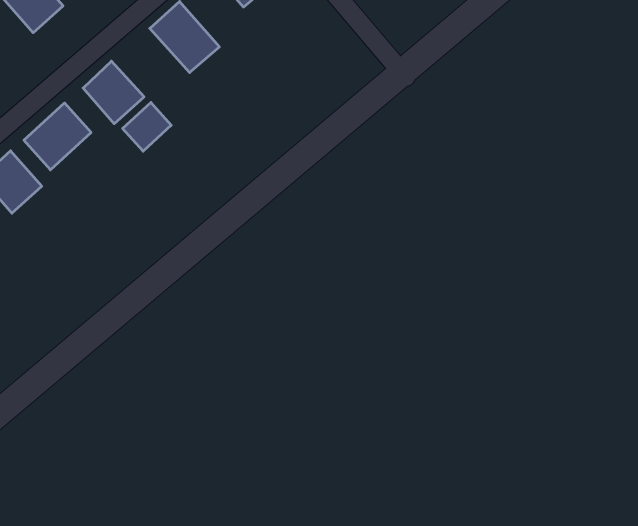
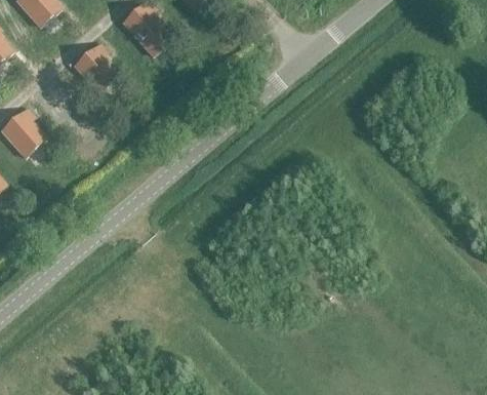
building: [123,102,171,151] -> none
building: [24,103,91,170] -> none

